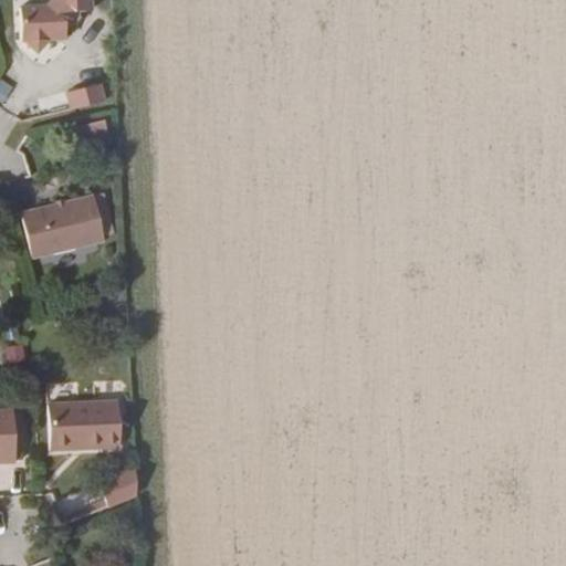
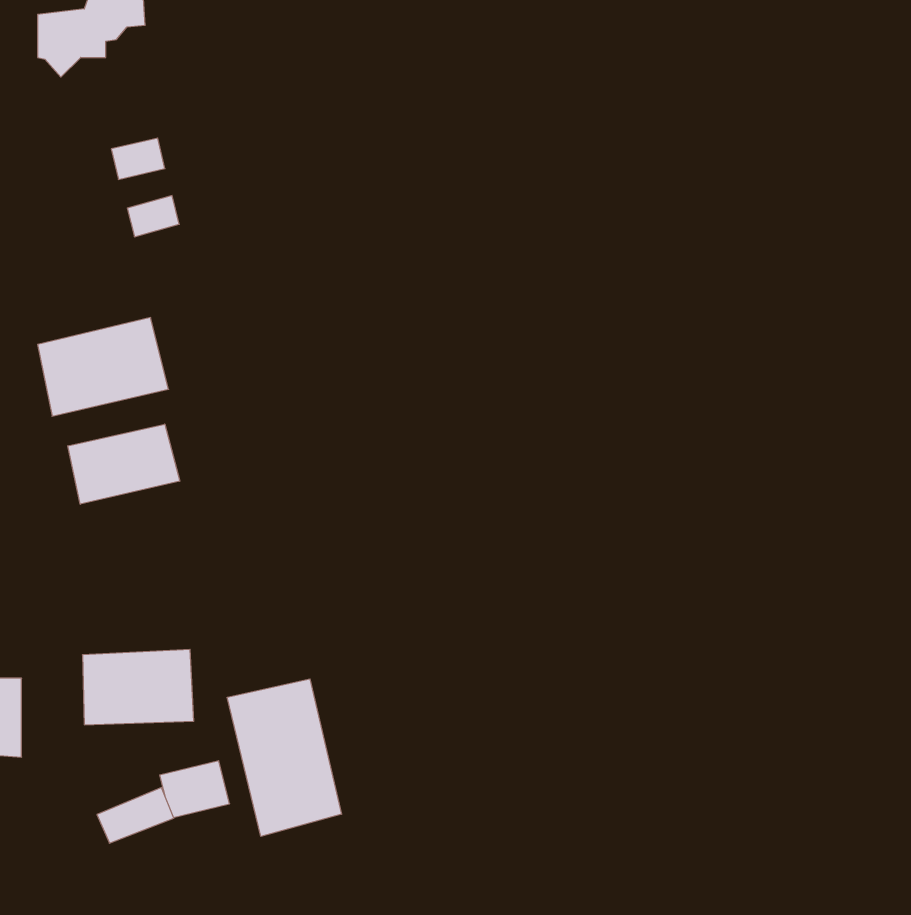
building: none -> [68,424,180,504]
building: none -> [227,679,342,836]

